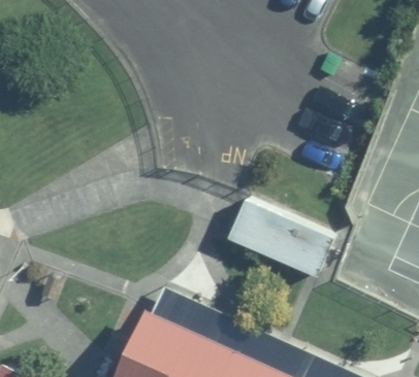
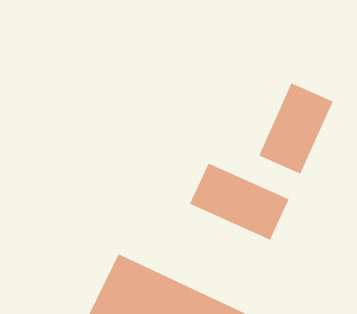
building: none -> [258,83,333,175]

